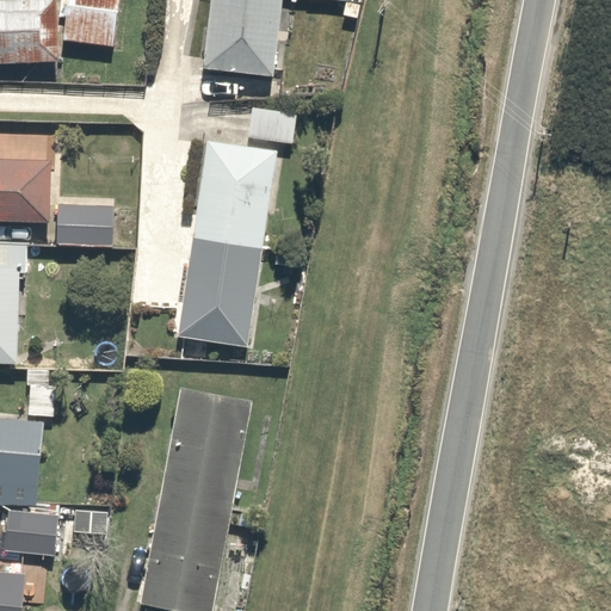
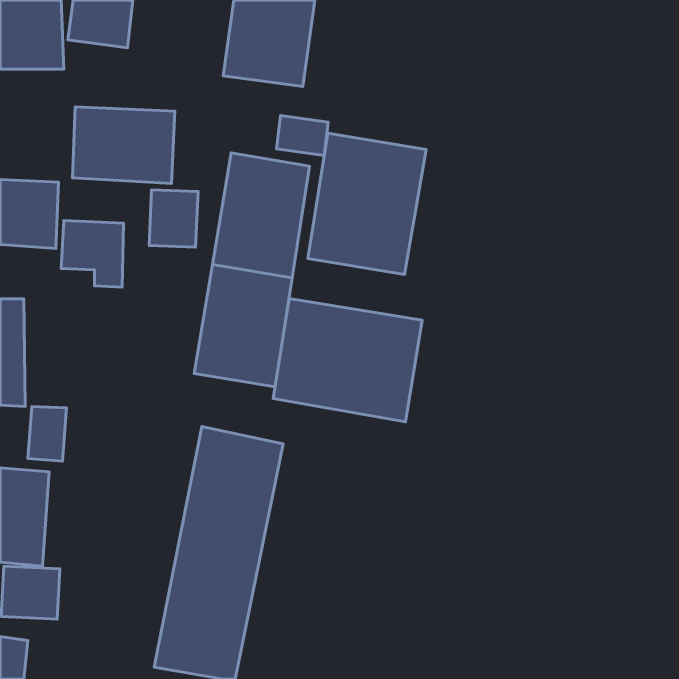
building: none -> [72,107,175,183]
building: none -> [308,133,426,275]
building: none -> [149,190,198,247]
building: none -> [273,298,422,422]

